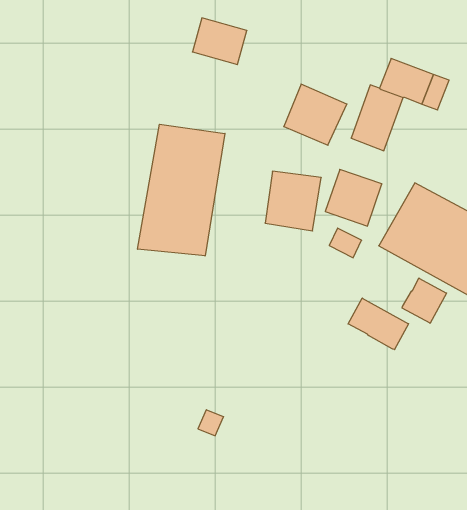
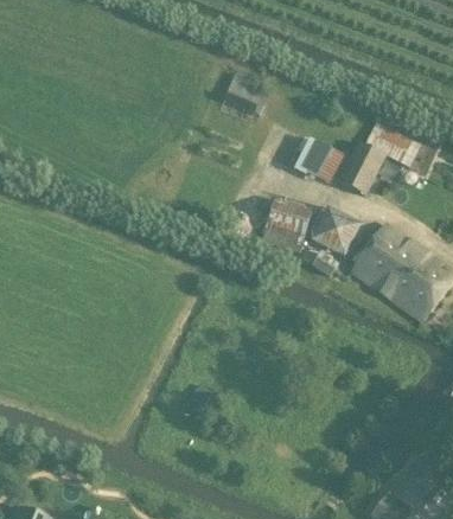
building: [138,124,225,256] -> none
building: [402,278,447,323] -> none
building: [348,298,409,350] -> none

